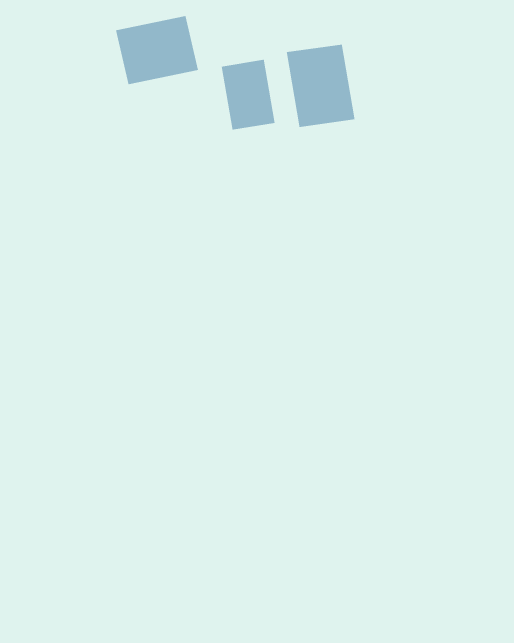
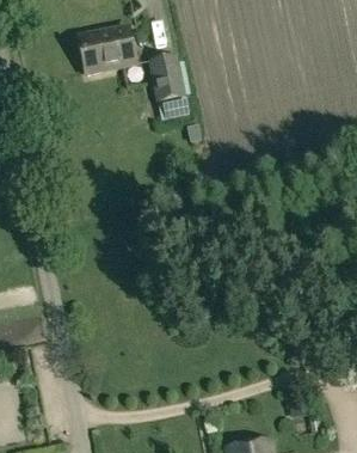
building: [286,44,355,128] -> none

